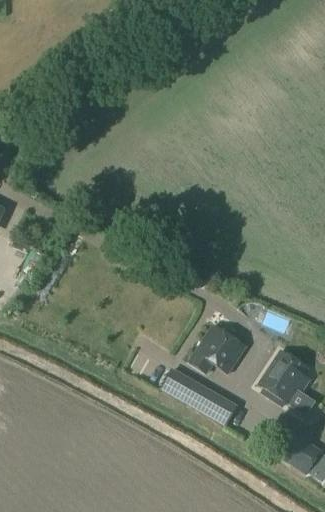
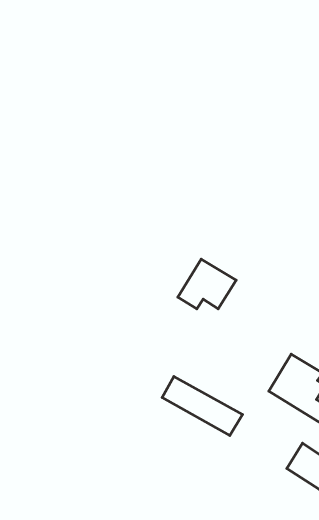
building: [191,325,246,372] -> [178,259,236,309]

